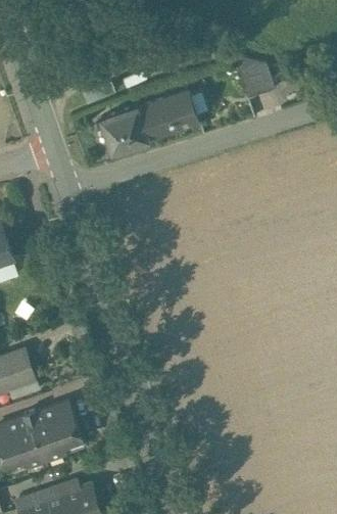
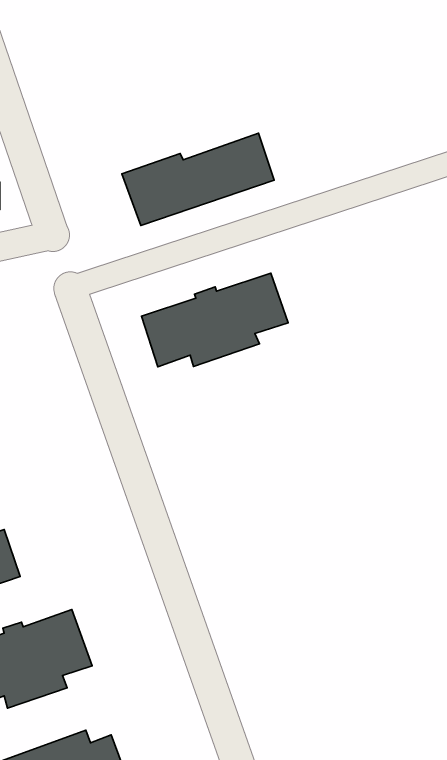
building: [232,59,276,98] -> none
building: none -> [142,273,288,367]

